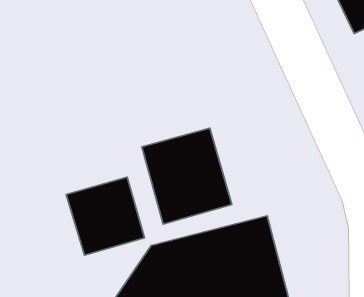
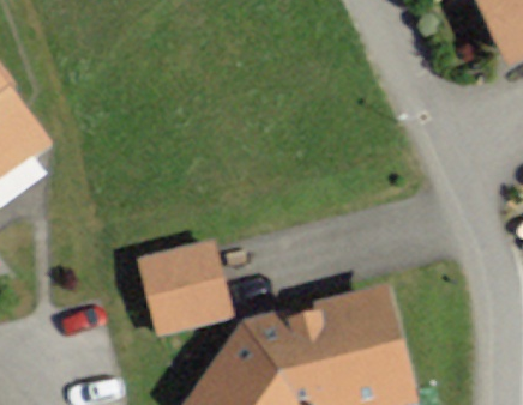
building: [142,128,232,224] -> none

